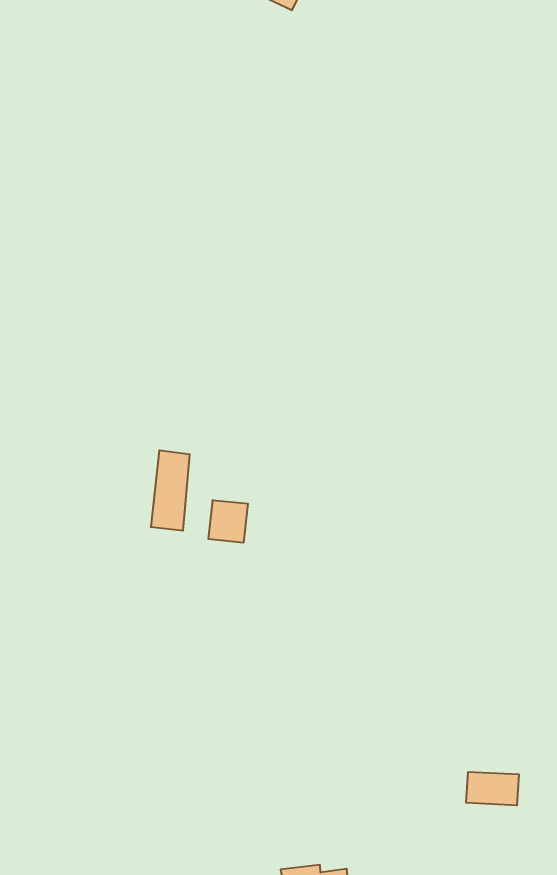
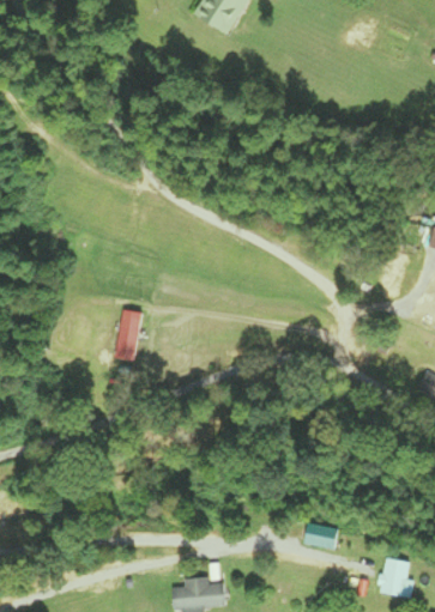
building: [208,500,248,543] -> none

